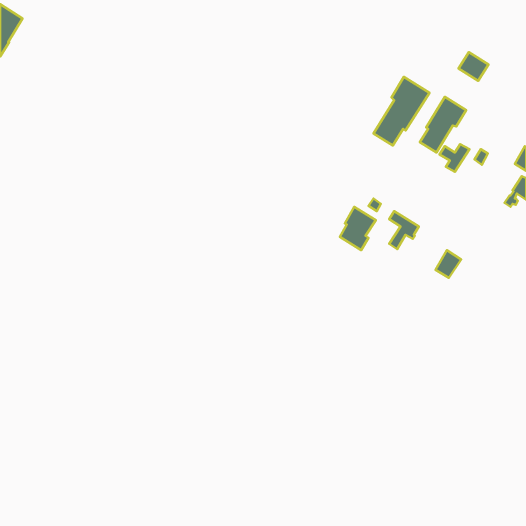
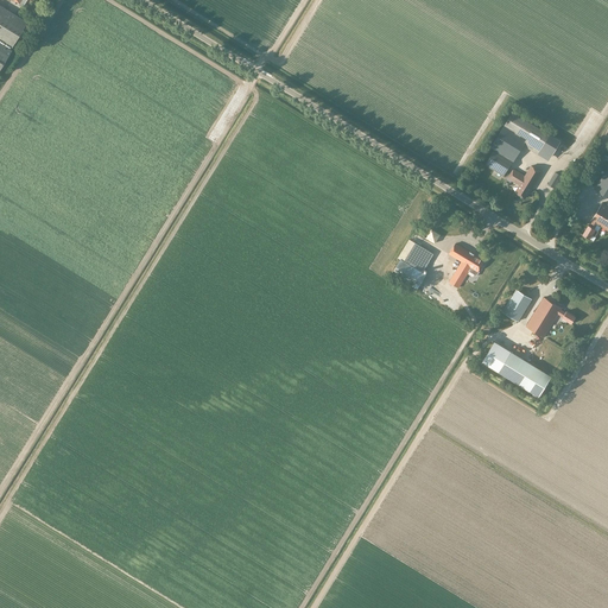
building: [459,52,488,81] -> [526,127,560,160]
building: [373,77,429,145] -> none
building: none -> [525,297,574,336]
building: none -> [482,342,550,397]

